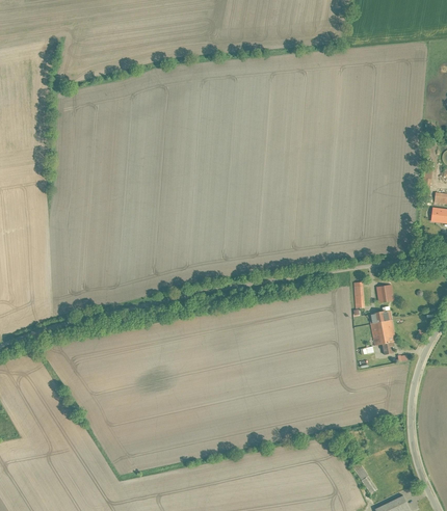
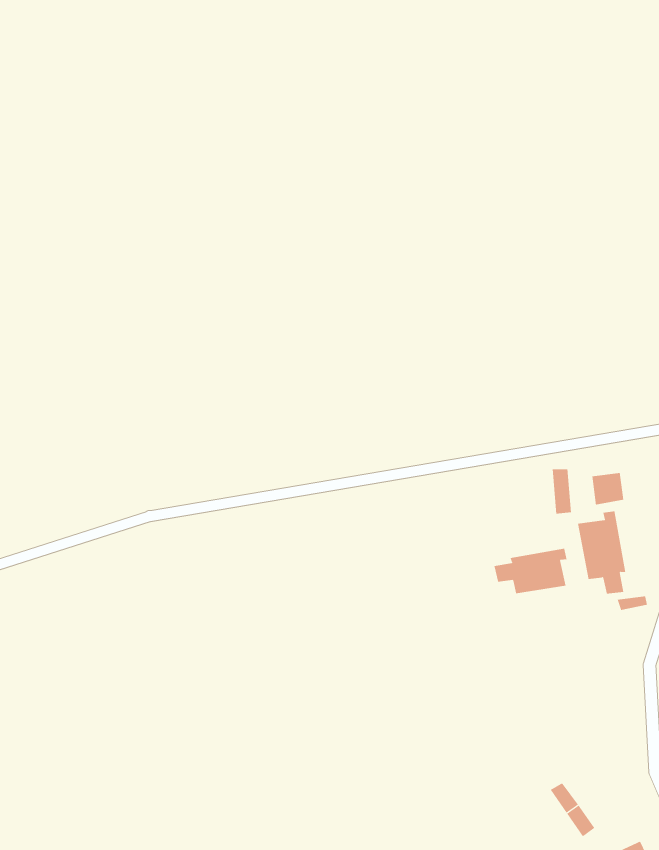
building: none -> [494,548,567,594]

